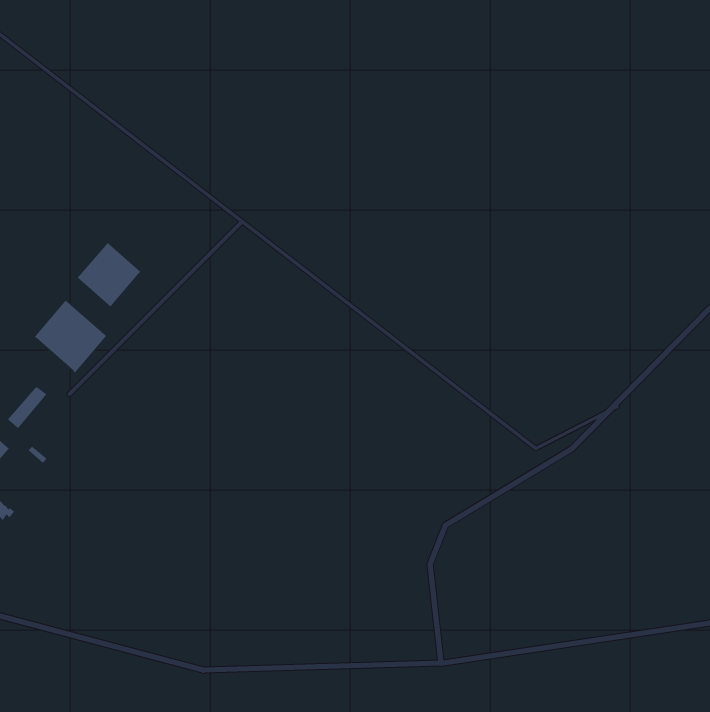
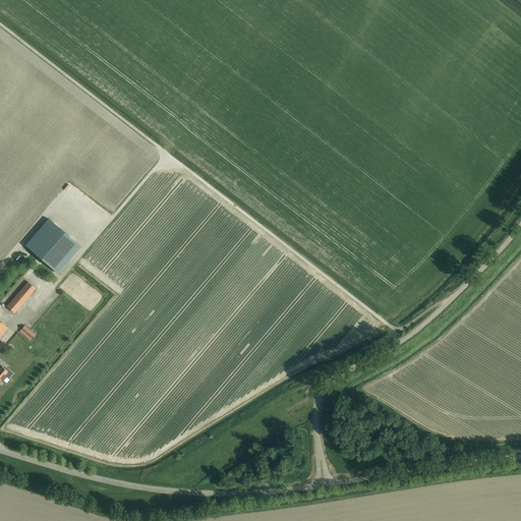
building: [77,242,142,308] -> none

